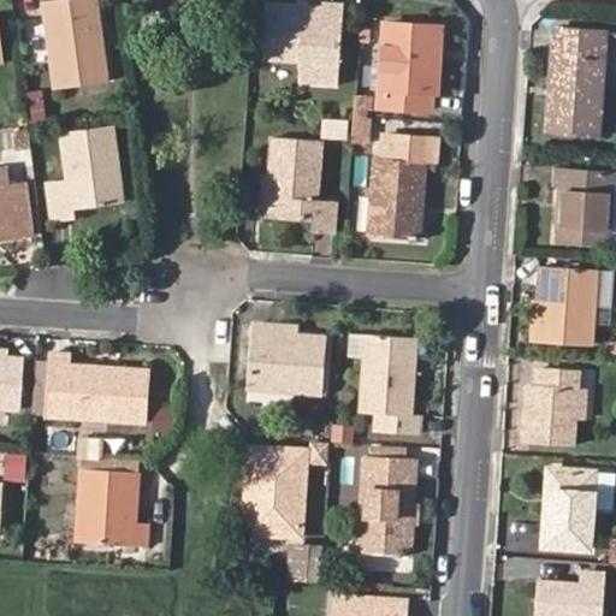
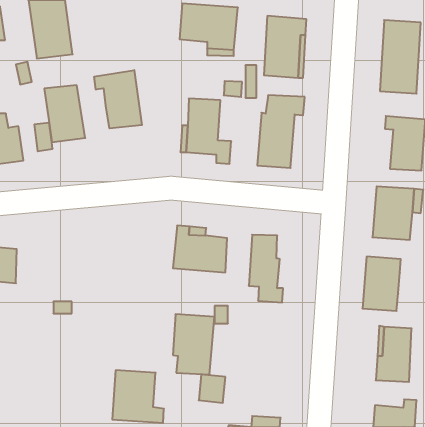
building: none -> [94,70,142,128]
building: [45,354,153,420] -> none
building: [355,458,413,557] -> none
building: [82,468,156,544] -> [112,370,164,423]

